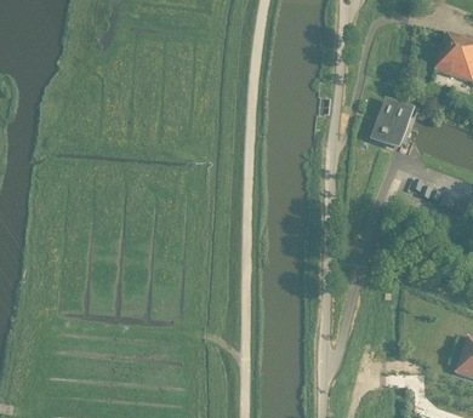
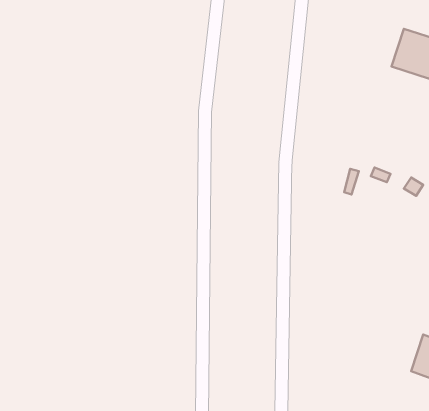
building: [372,103,410,148] -> none

